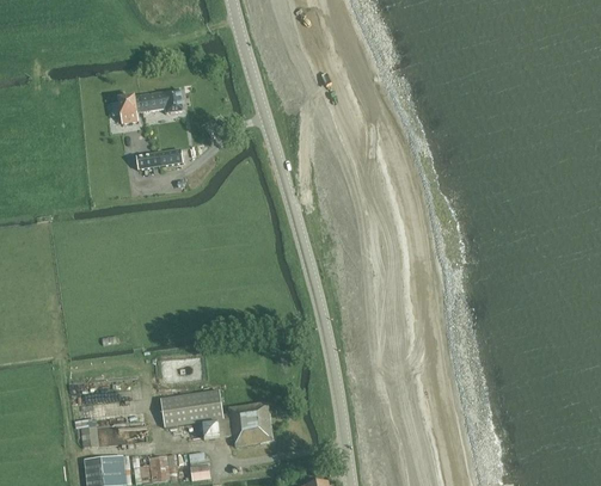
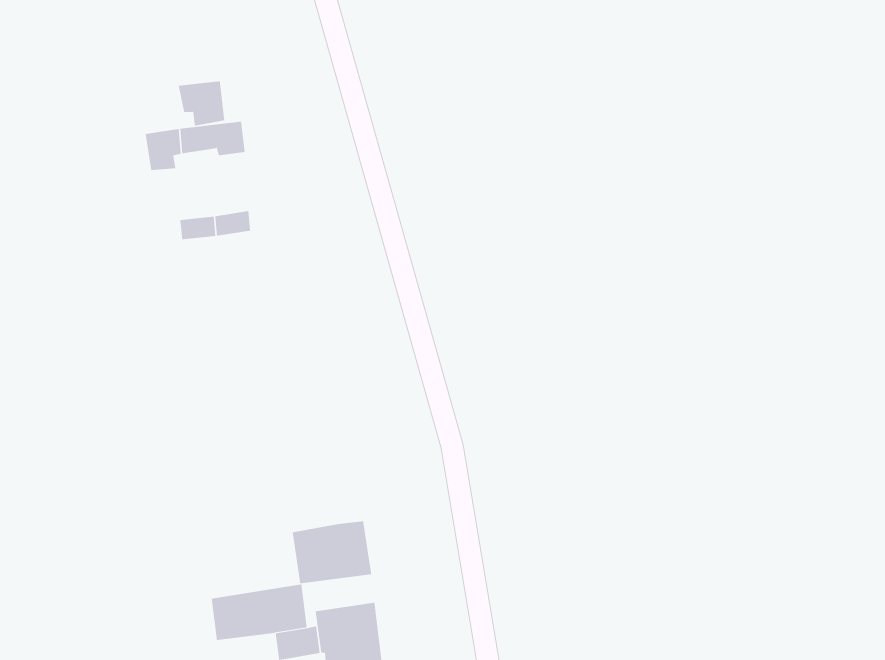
building: none -> [178,80,225,127]
building: none -> [292,520,372,584]

